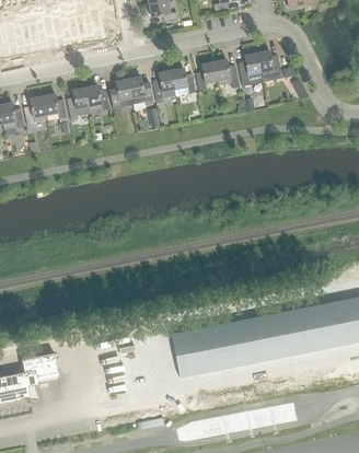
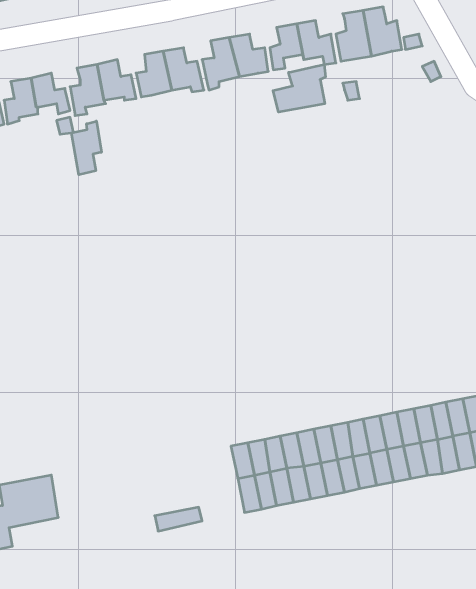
building: none -> [273,65,325,112]
building: none -> [72,121,101,175]

